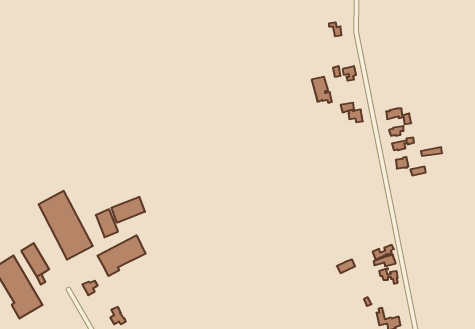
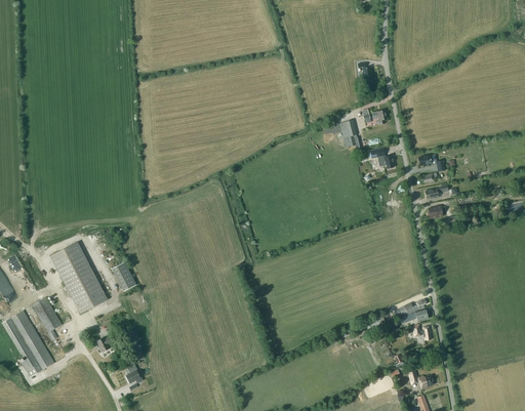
building: [111,197,145,223] -> none
building: [98,235,146,276] -> none

